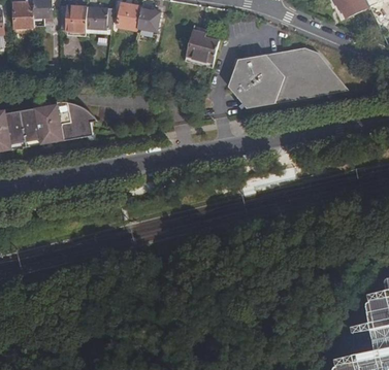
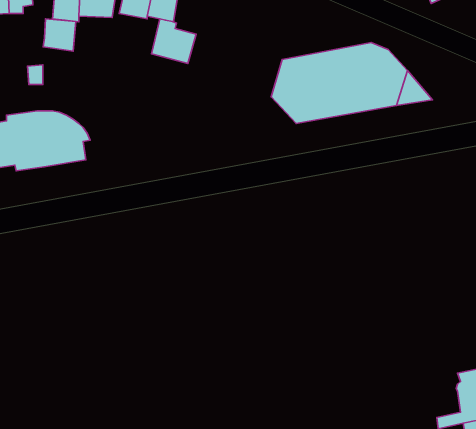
building: none -> [43,19,76,51]
building: [186,31,219,64] -> [152,19,196,63]

